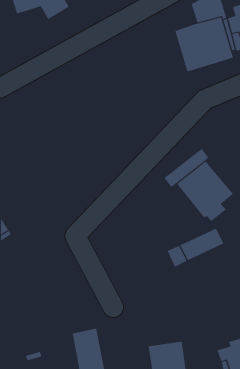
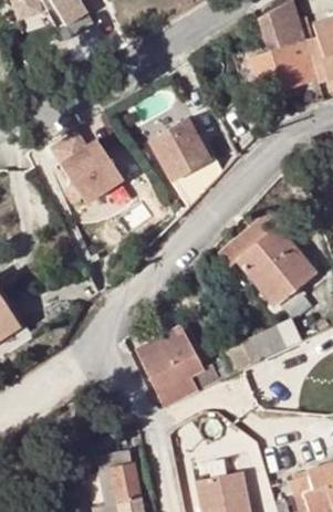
building: none -> [149,121,220,209]
building: none -> [52,135,124,203]
building: none -> [135,325,219,405]

